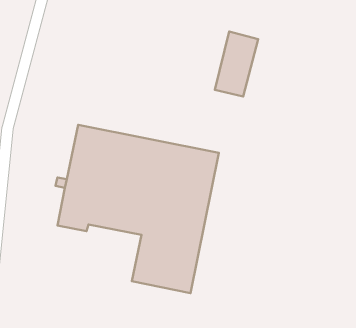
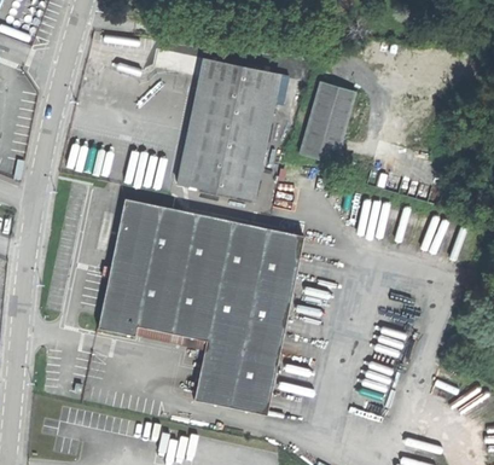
building: none -> [176,59,279,200]

